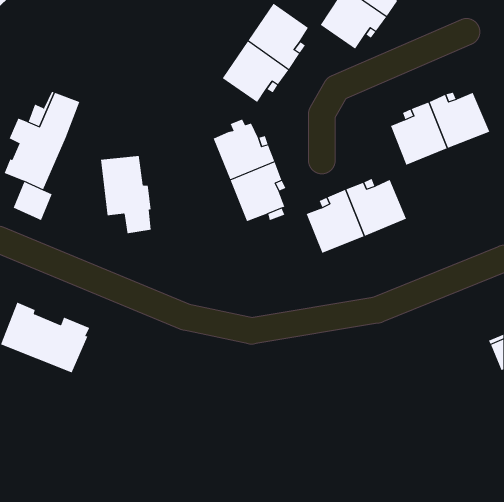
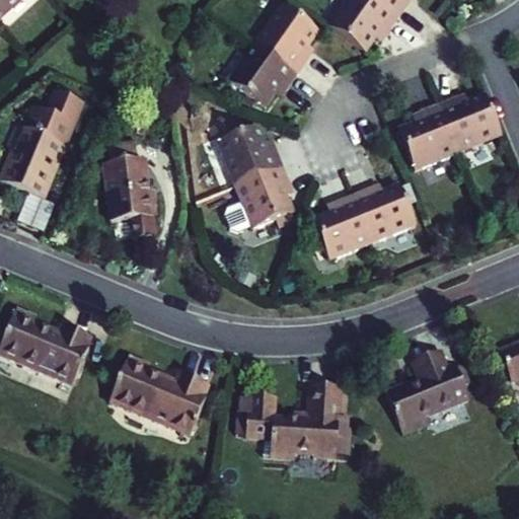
building: none -> [387,351,469,432]
building: none -> [112,358,211,435]
building: none -> [247,385,342,458]

